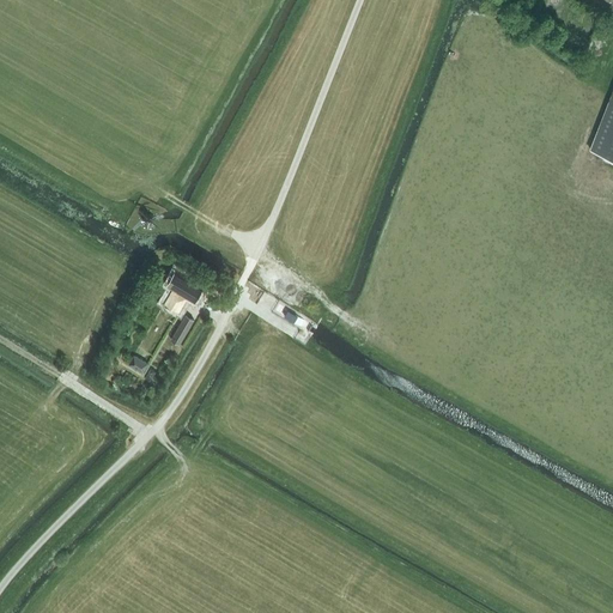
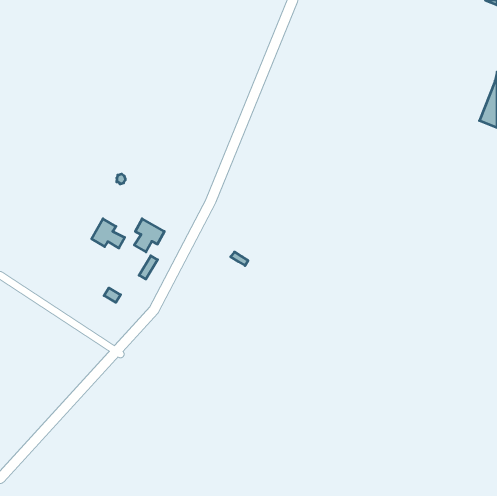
building: none -> [92,219,125,248]

